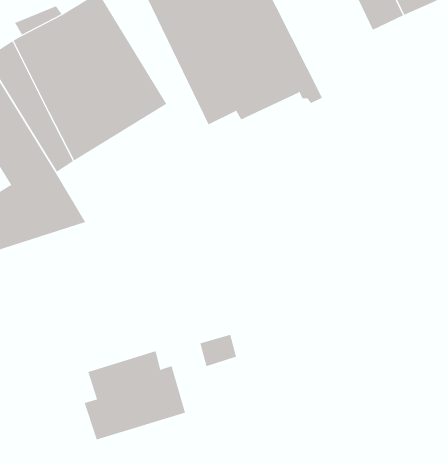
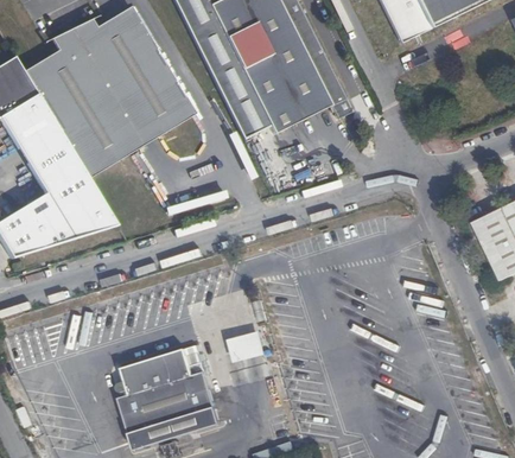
building: none -> [131,407,221,450]

